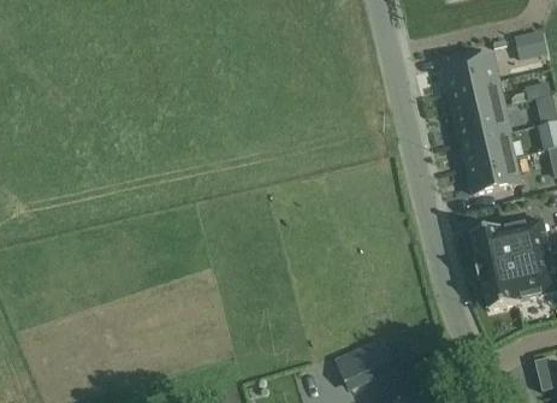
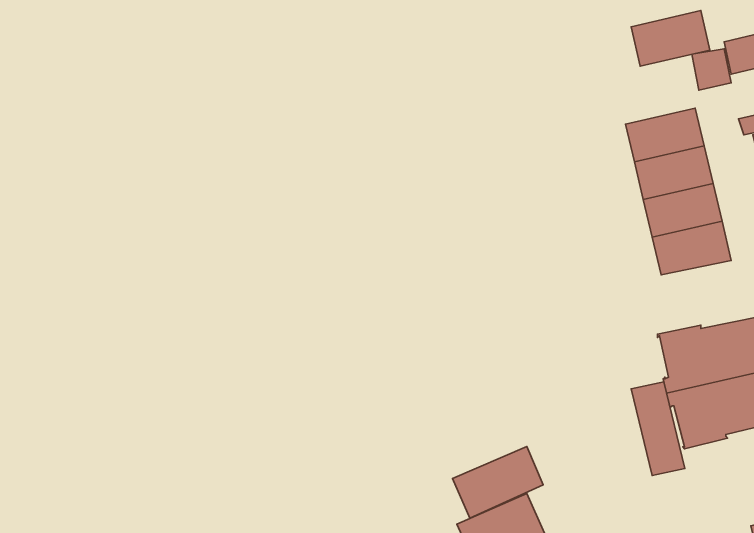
building: [444,53,497,90] -> [631,11,710,66]
building: none -> [631,382,685,475]
building: none -> [453,446,543,518]

